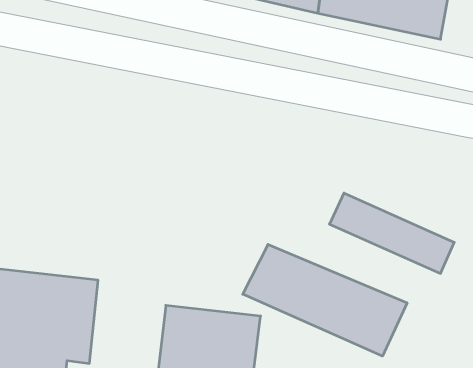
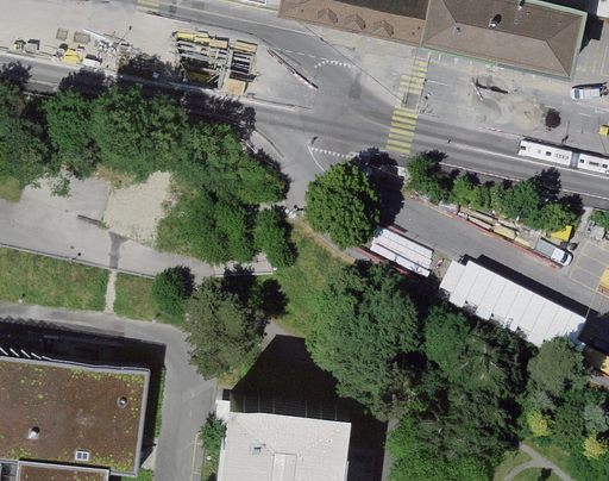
building: [243,244,407,356] -> none

